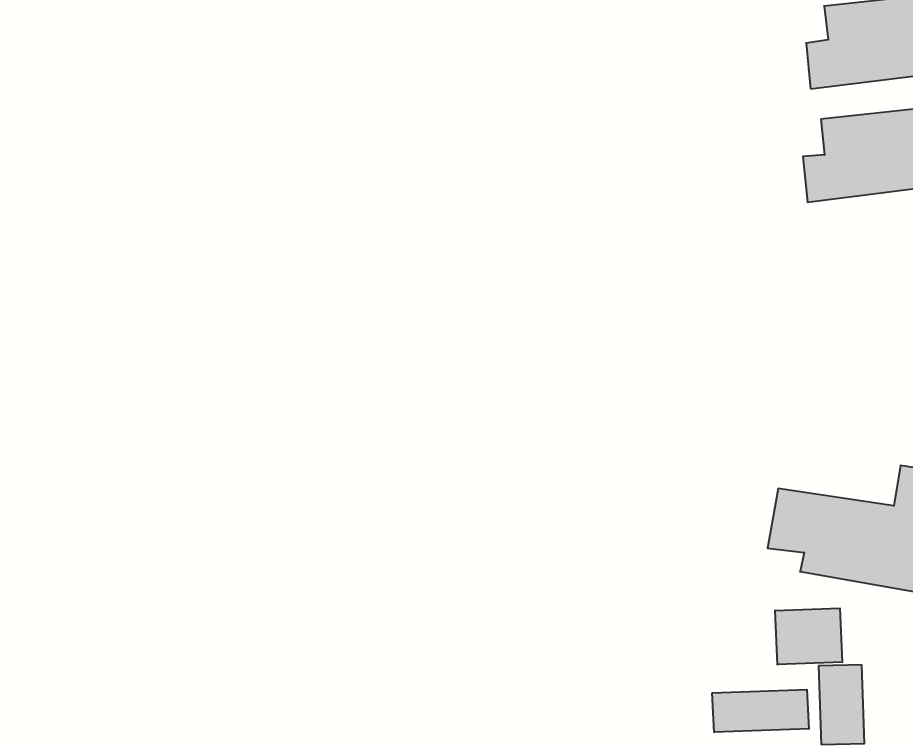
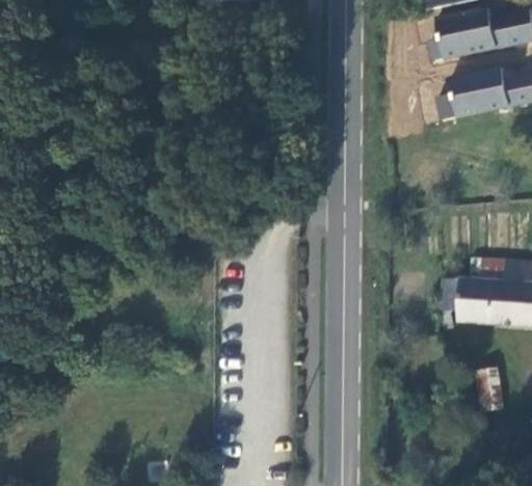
building: [775,608,842,665] -> none
building: [712,690,809,732] -> none

